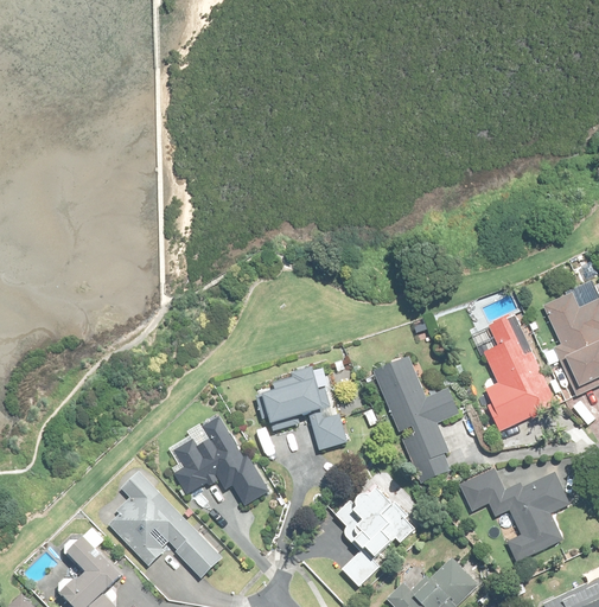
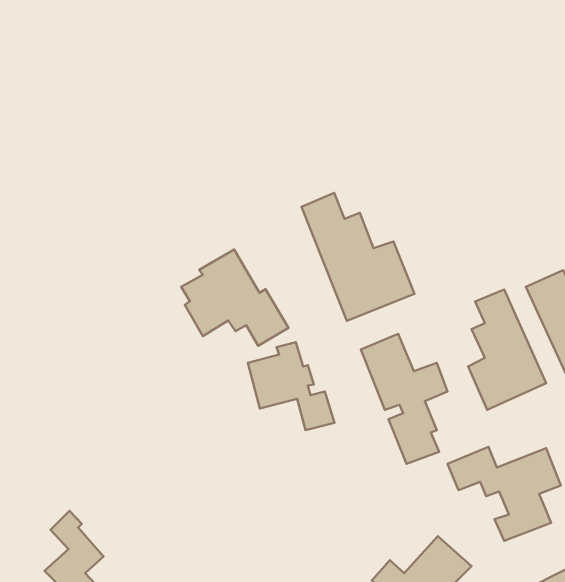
building: none -> [302,193,415,321]
building: [168,411,274,506] -> [181,250,288,346]
building: [107,469,223,579] -> none
building: [338,478,422,589] -> none

